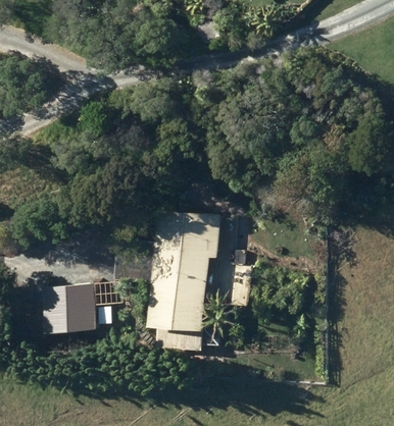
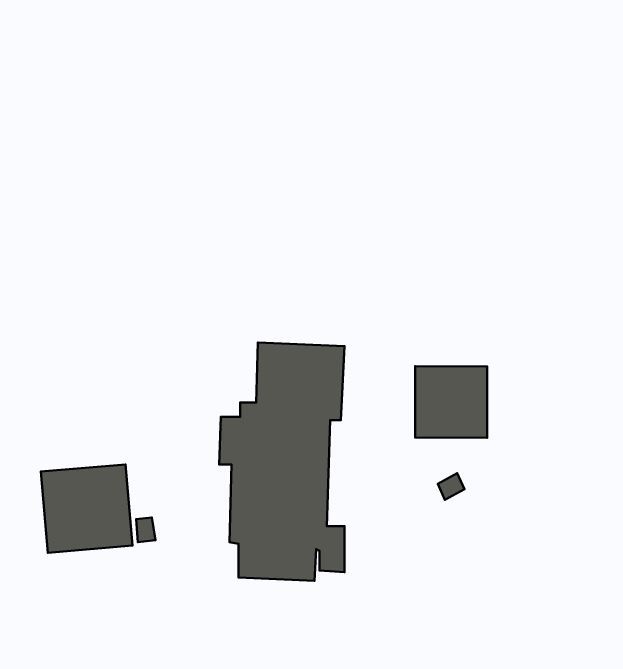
building: none -> [415,366,487,438]

